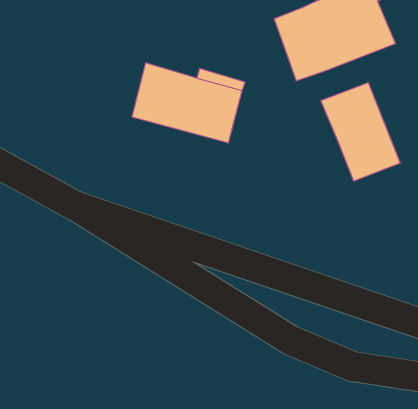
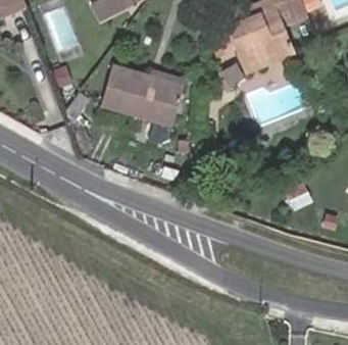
building: [321,83,400,181] -> none

